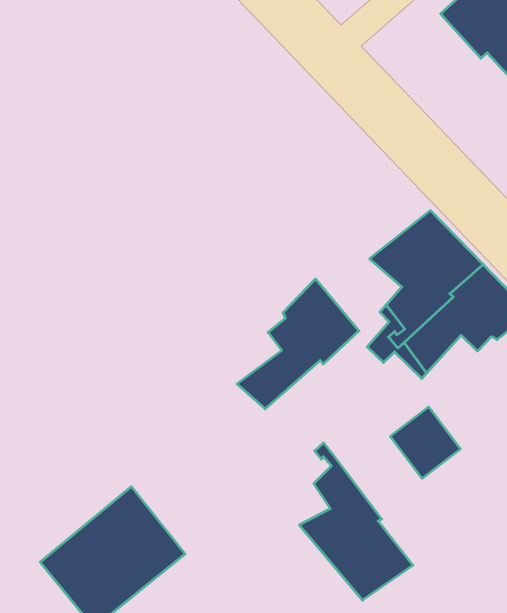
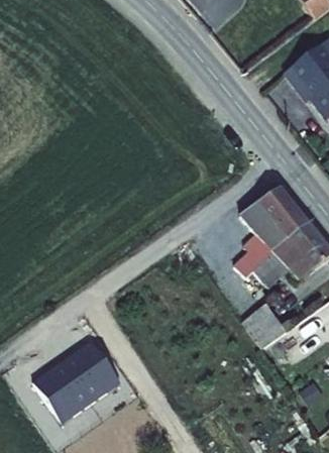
building: [237,279,359,409] -> none
building: [299,443,413,600] -> none

